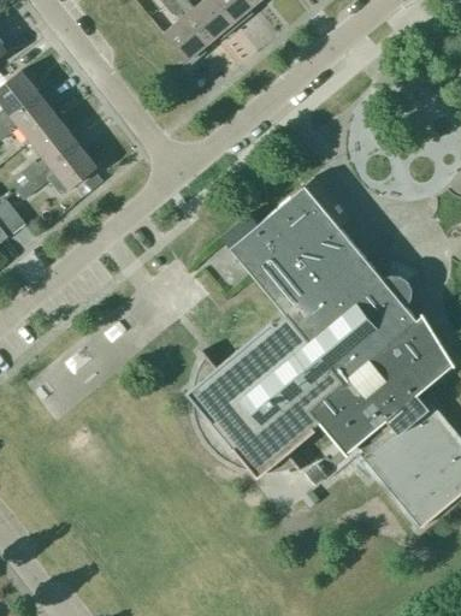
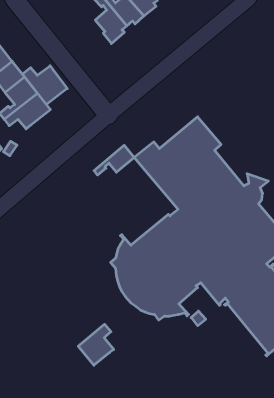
building: none -> [23,66,67,104]
building: none -> [94,145,134,175]
building: none -> [78,324,114,365]

